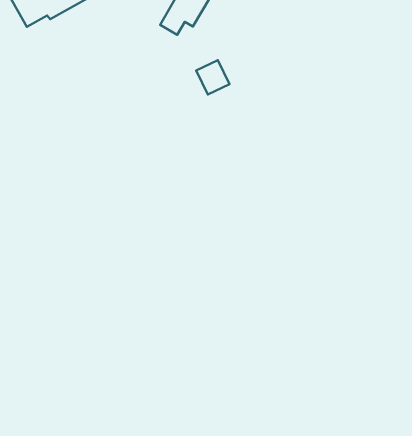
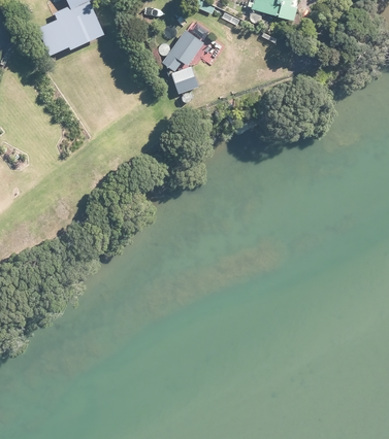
building: [196,60,230,95] -> [171,66,198,94]

